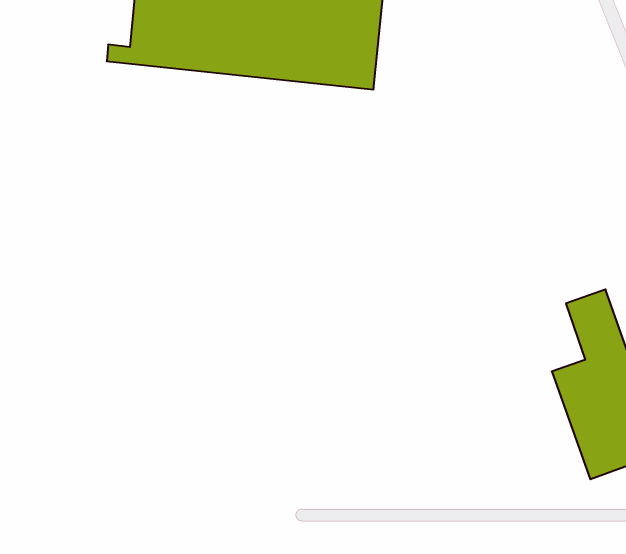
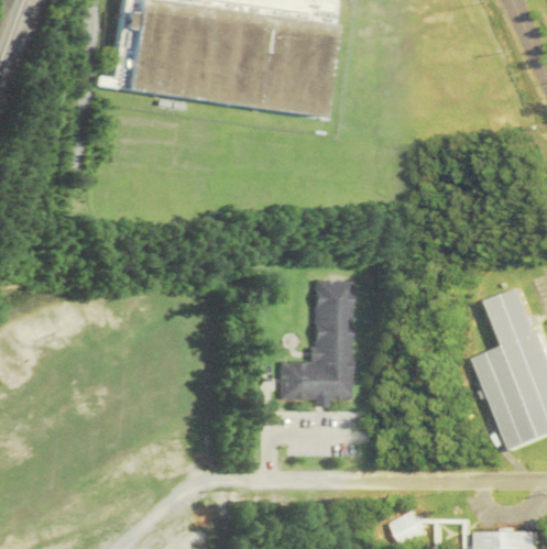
building: none -> [280,278,350,405]

